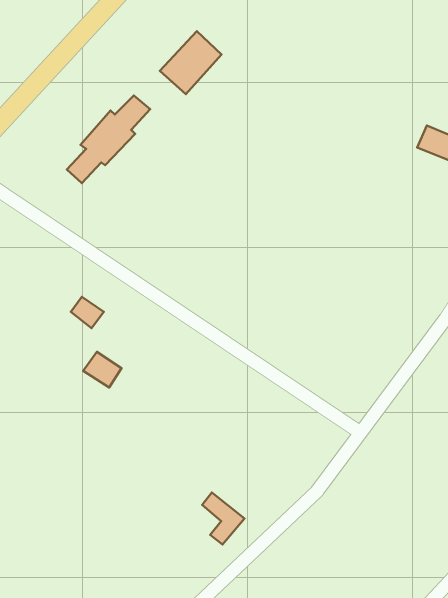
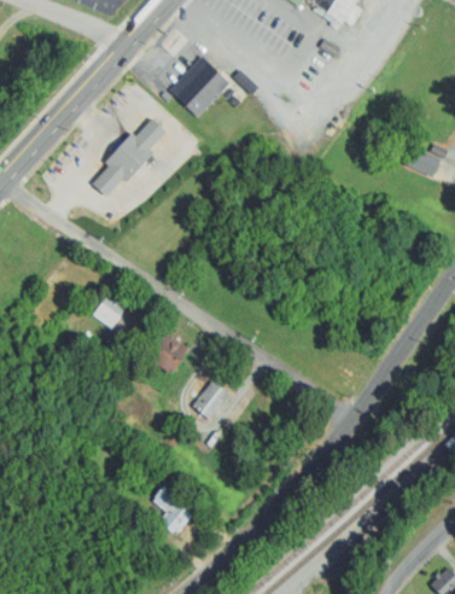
building: [83,352,121,387] -> [152,337,186,368]
building: none -> [193,380,231,419]
building: [202,492,245,544] -> [156,485,193,531]

